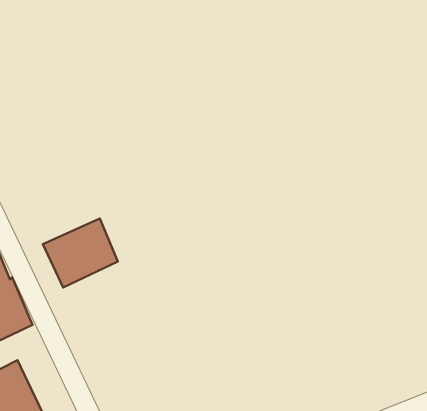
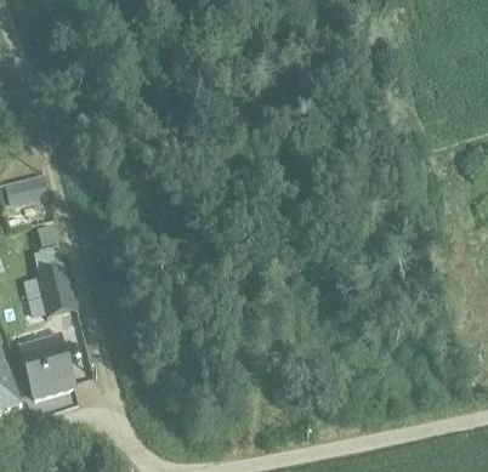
building: [43,218,118,287] -> none

